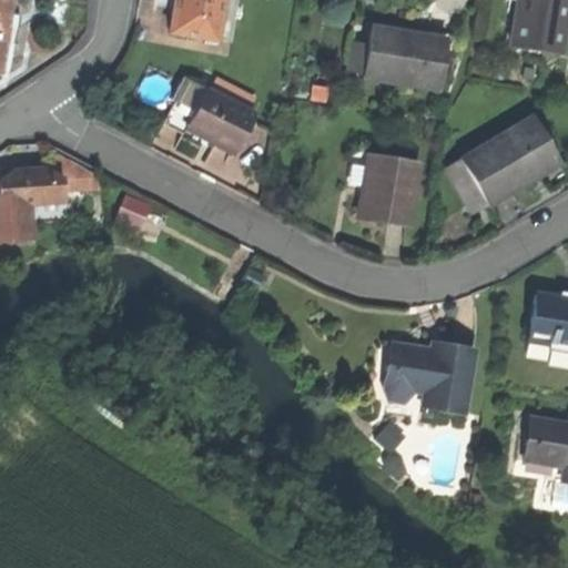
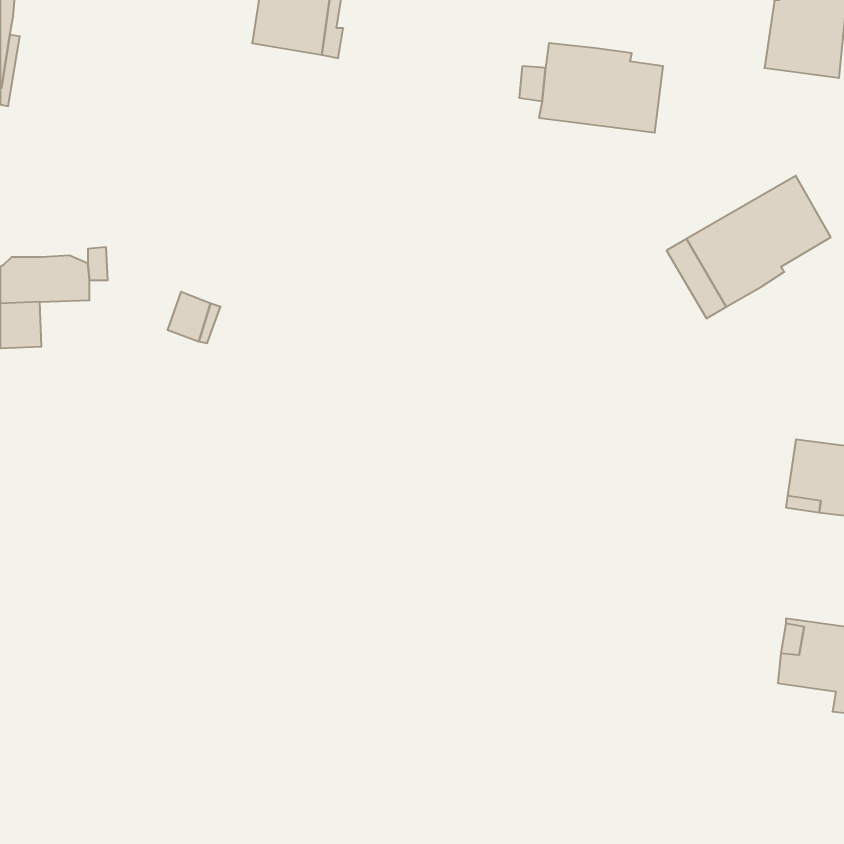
building: [190,88,254,153] -> none
building: [361,155,420,223] -> none
building: [385,342,475,410] -> none

